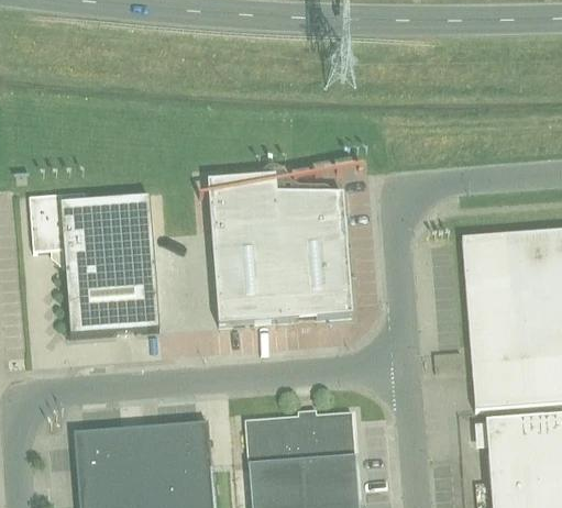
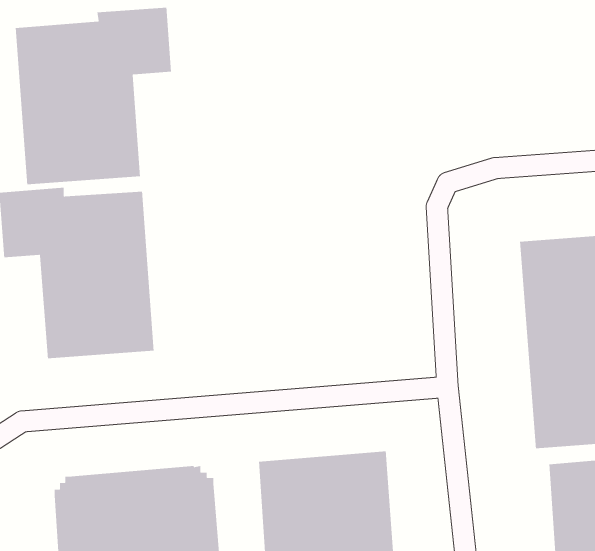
building: none -> [15,7,172,185]
building: [208,176,352,325] -> none

